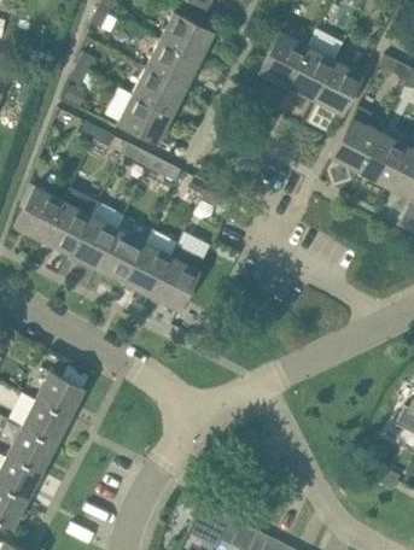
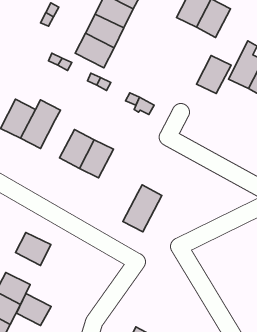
building: [315,60,363,113] -> [196,56,231,94]
building: [71,215,118,268] -> none
building: [152,245,206,310] -> [123,185,162,232]
building: [23,399,71,444] -> [16,293,51,325]

